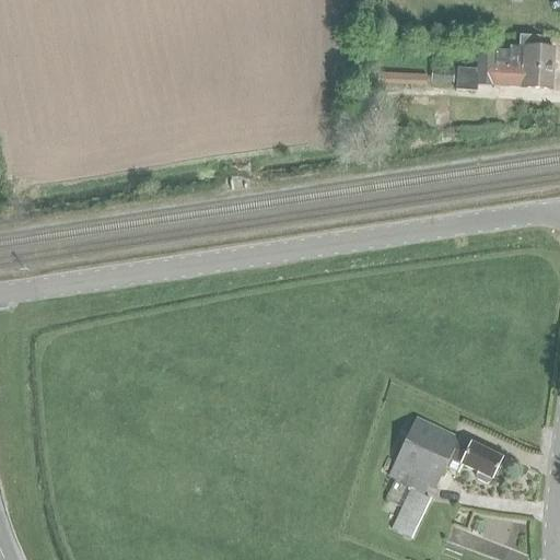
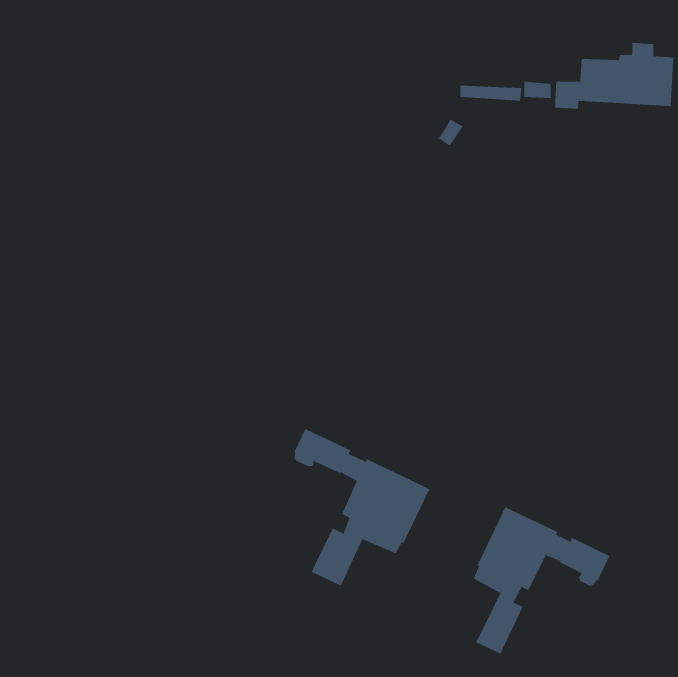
building: none -> [294,428,430,586]

